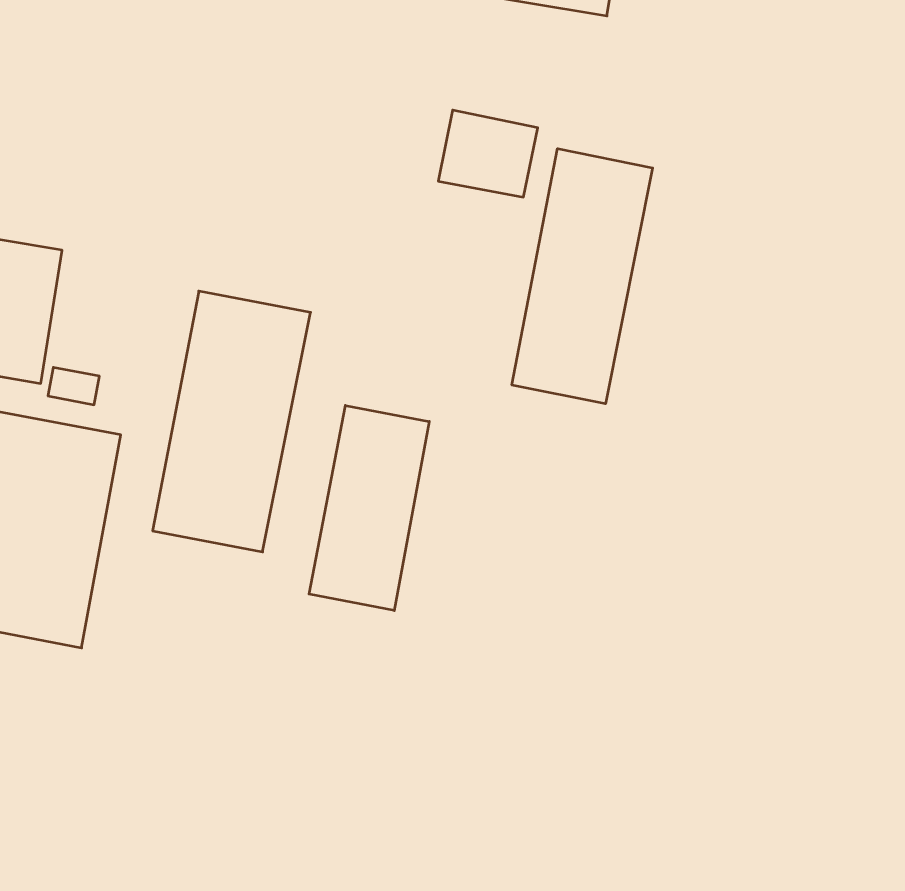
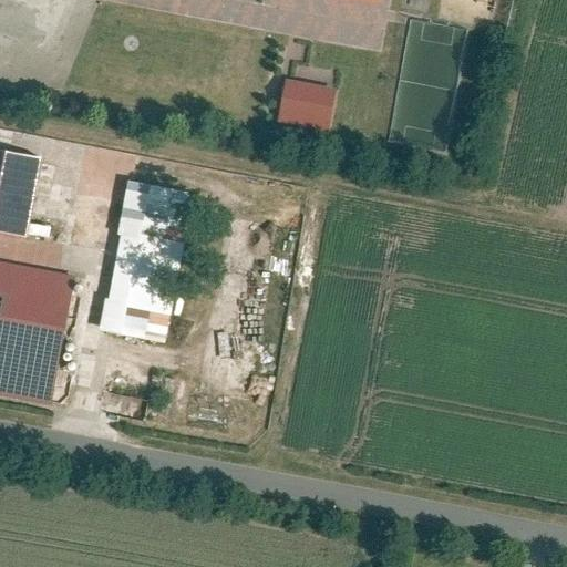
building: [512,149,653,404] -> none
building: [309,405,429,611] -> none

